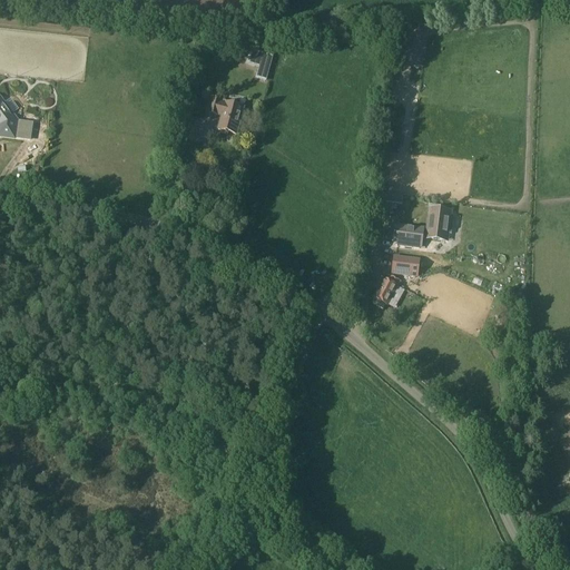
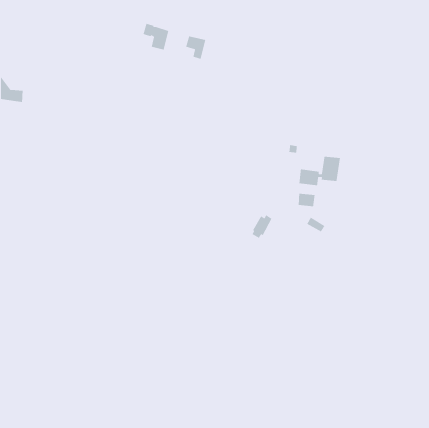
building: [208,95,244,131] -> [142,23,169,51]
building: [373,274,401,306] -> [251,214,273,239]

